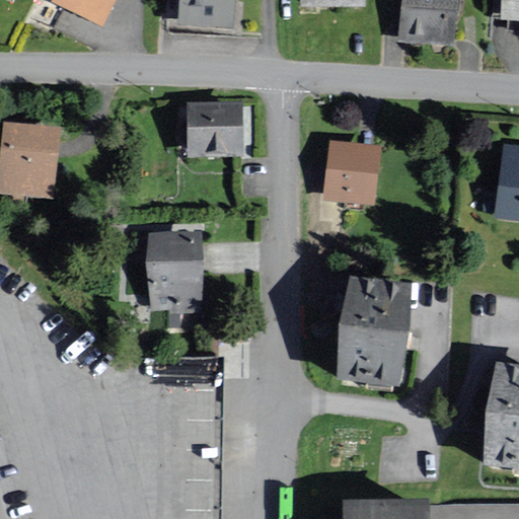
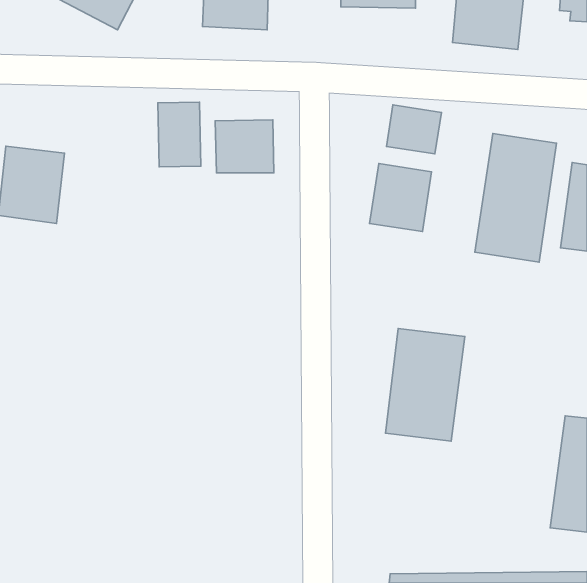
building: none -> [158,102,201,167]
building: none -> [386,105,441,154]
building: none -> [475,133,556,262]
building: [148,233,202,307] -> none

